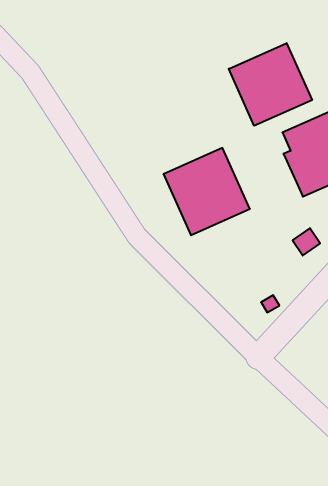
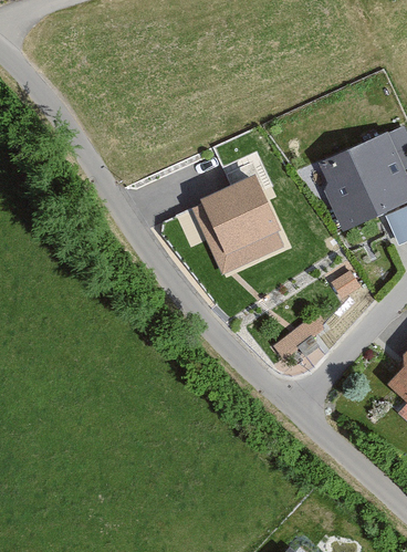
building: [229,43,312,126] -> none

